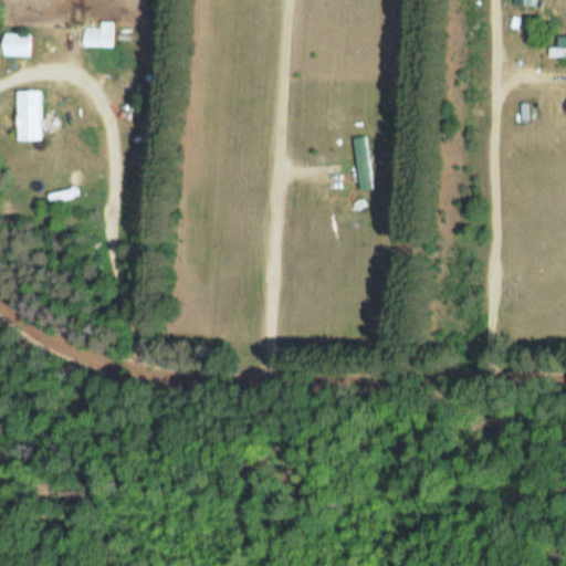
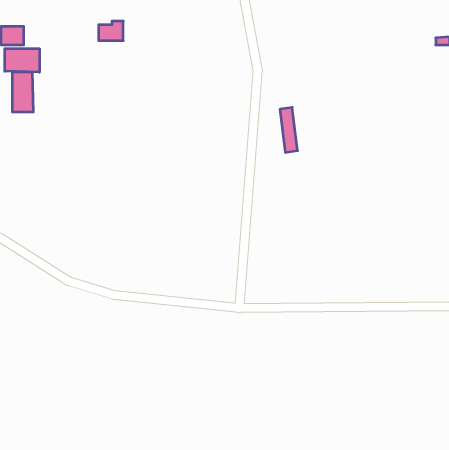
building: [83,22,114,46] -> [99,21,123,41]
building: none -> [5,49,39,72]

